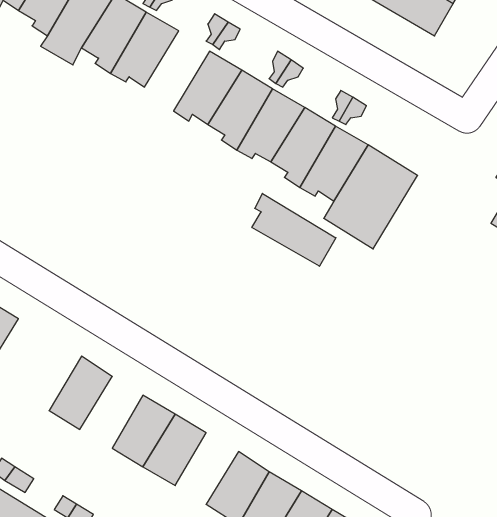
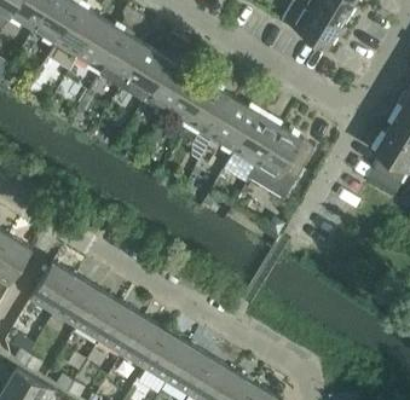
building: none -> [121,45,167,102]
building: [252,193,336,266] -> none
building: none -> [29,262,76,314]
building: none -> [75,290,120,341]
building: none -> [143,330,187,381]

